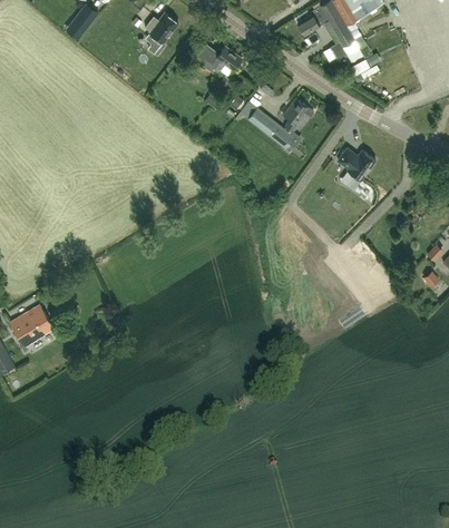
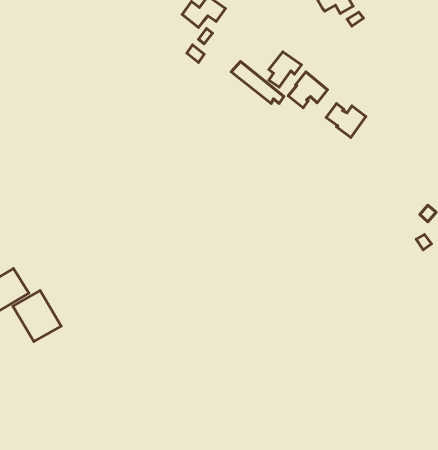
building: none -> [288,72,328,108]
building: none -> [13,291,61,342]

